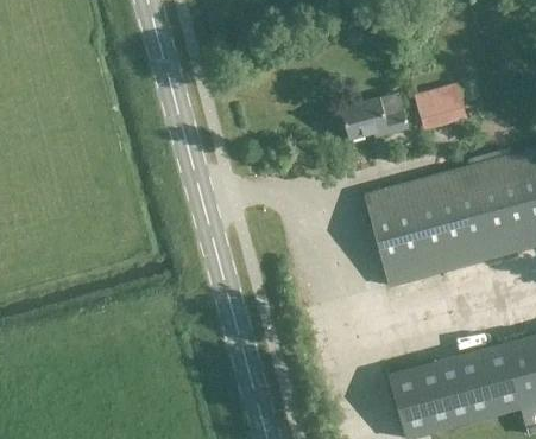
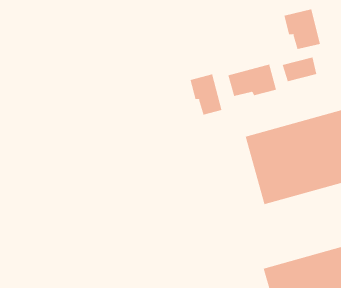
building: none -> [284,8,320,50]
building: none -> [190,74,222,115]

